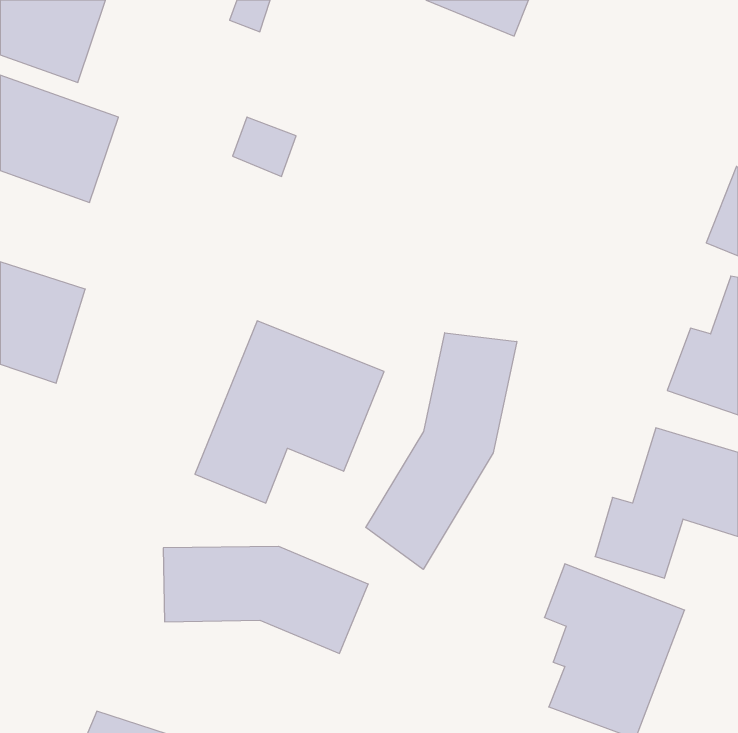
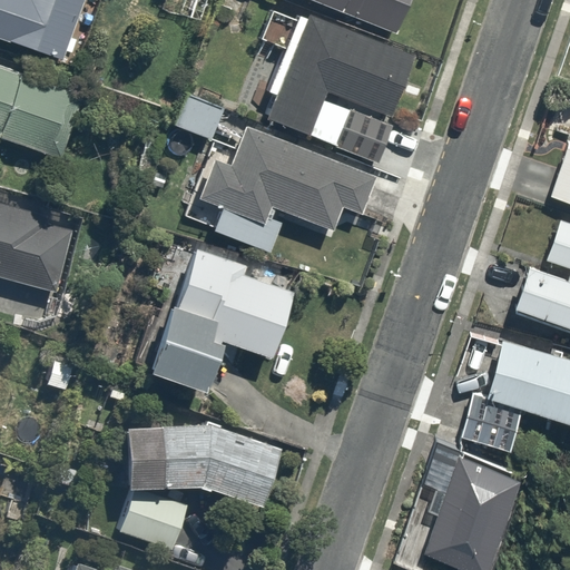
building: none -> [243,9,419,165]
building: none -> [181,127,377,264]
building: [366,333,517,569] -> none
building: none -> [115,492,190,554]

